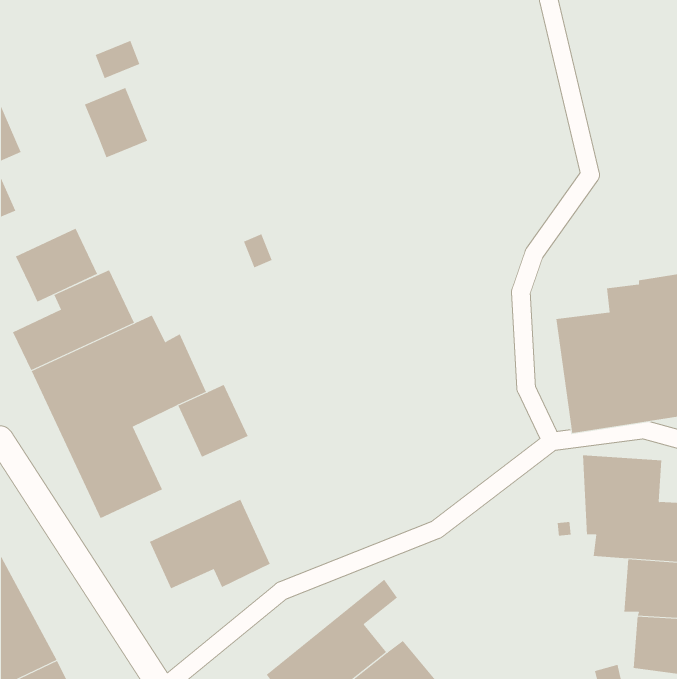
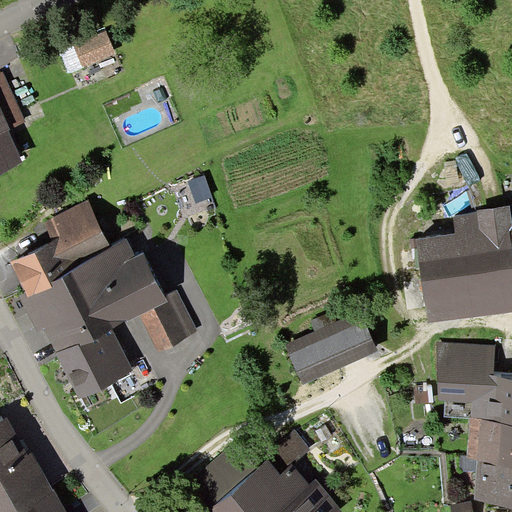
building: [84,87,148,158] -> none
building: [15,228,98,302] -> none
building: none -> [287,308,369,374]
building: [149,499,271,589] -> none

